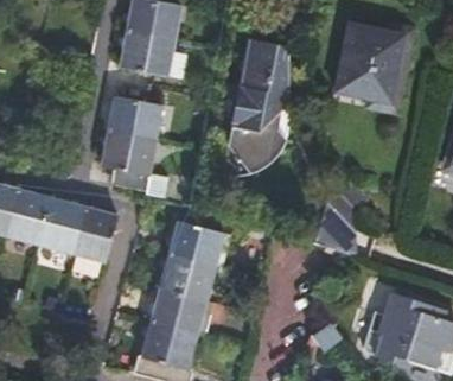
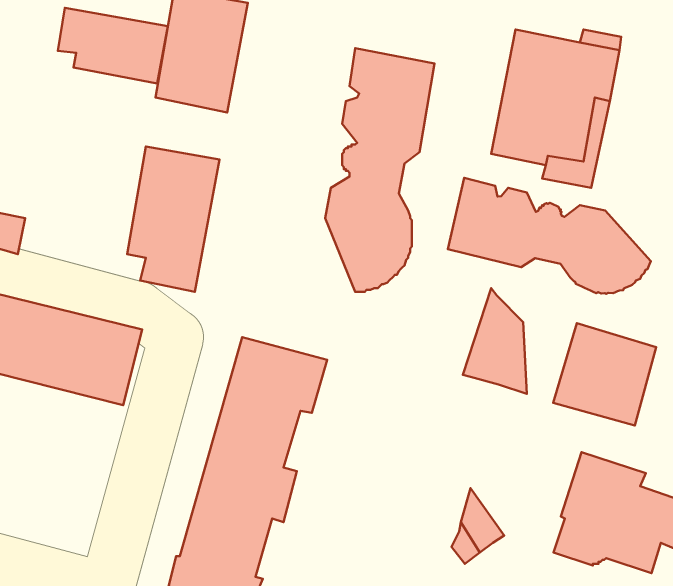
building: none -> [58,8,168,84]
building: none -> [448,178,651,294]
building: none -> [553,323,656,426]

